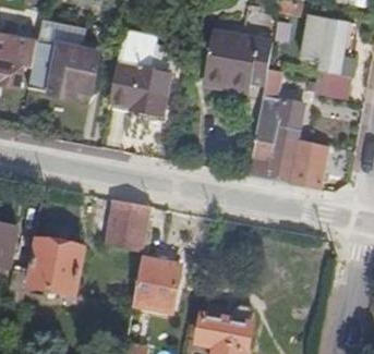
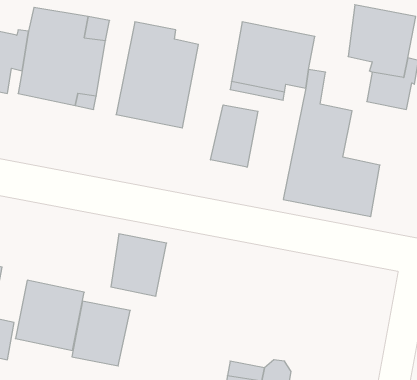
building: none -> [211,105,258,167]
building: [133,260,181,314] -> [72,301,130,366]

